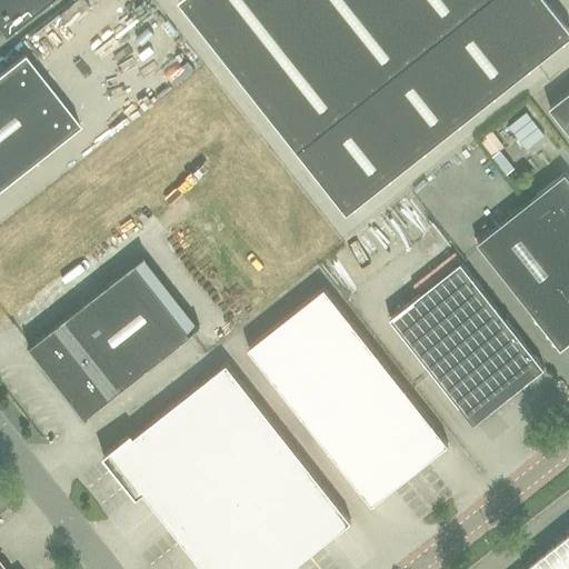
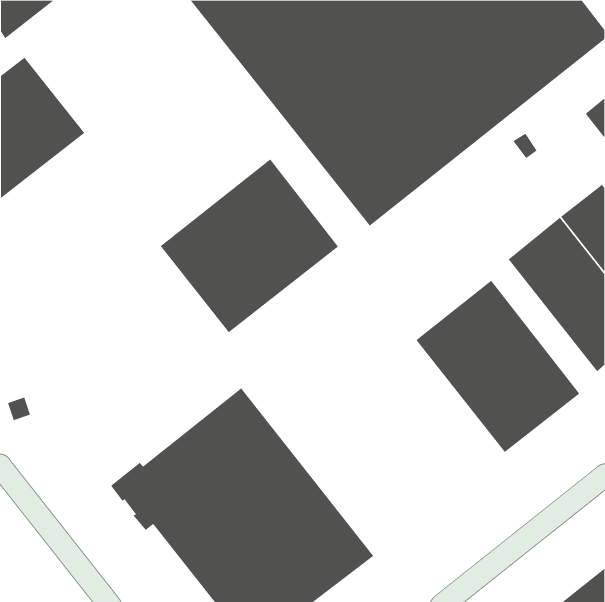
building: none -> [160,158,339,333]
building: [28,260,200,423] -> none
building: [248,291,448,508] -> none

